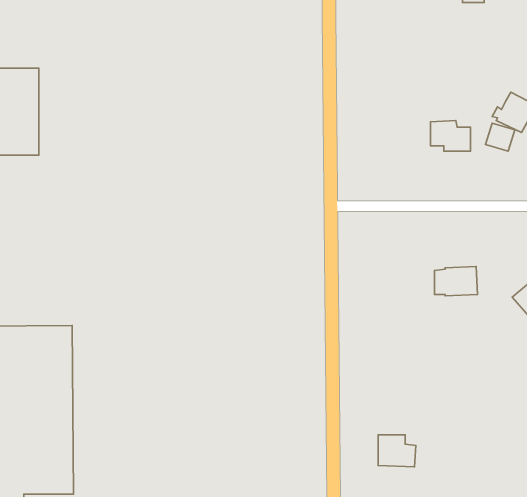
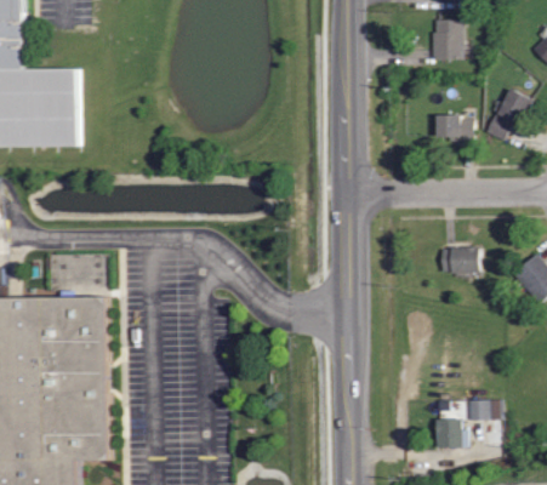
building: none -> [431,19,461,58]
building: [378,435,416,467] -> [434,420,468,449]
building: none -> [469,400,501,421]

